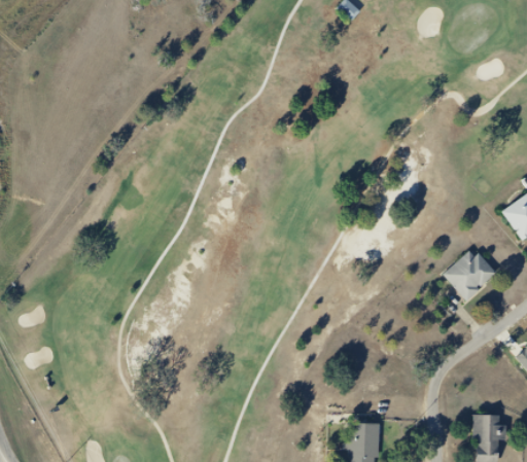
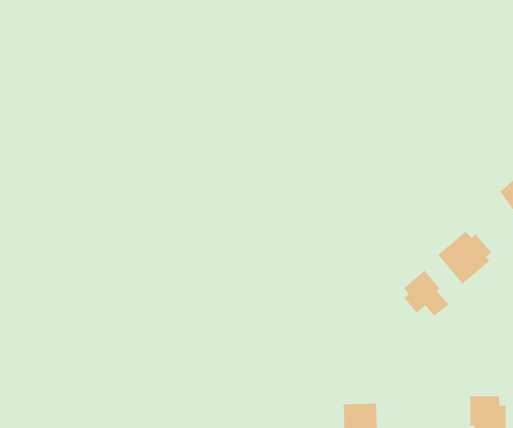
building: none -> [403,270,449,317]

